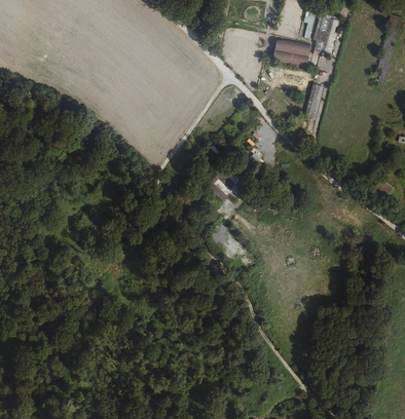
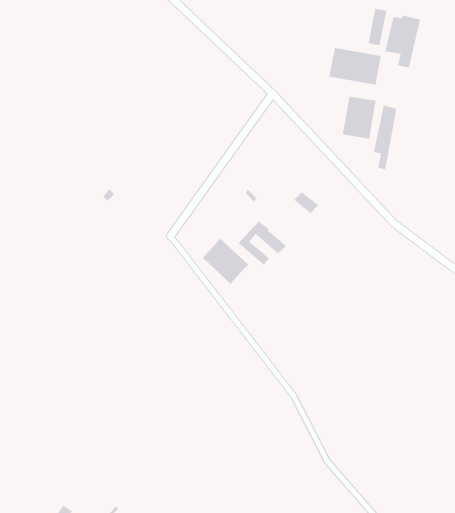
building: none -> [342,96,376,139]
building: none -> [202,238,249,284]

